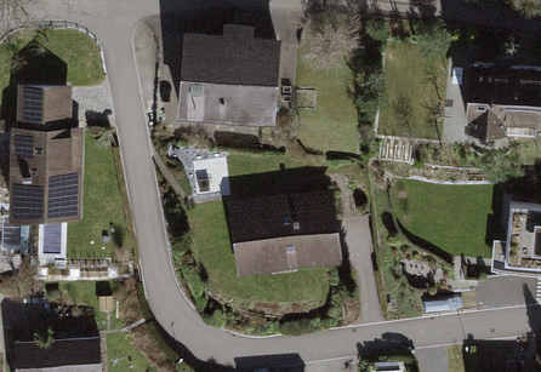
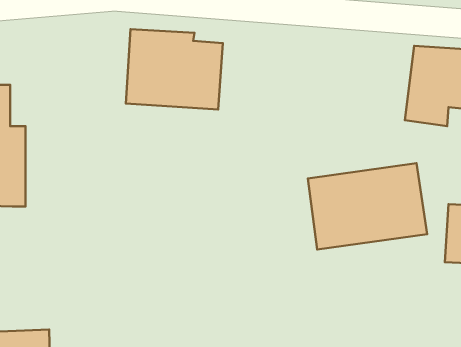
building: [227,189,349,277] -> [308,163,427,250]

